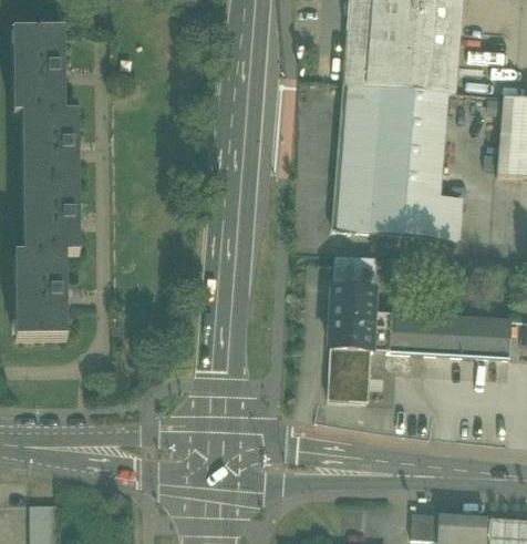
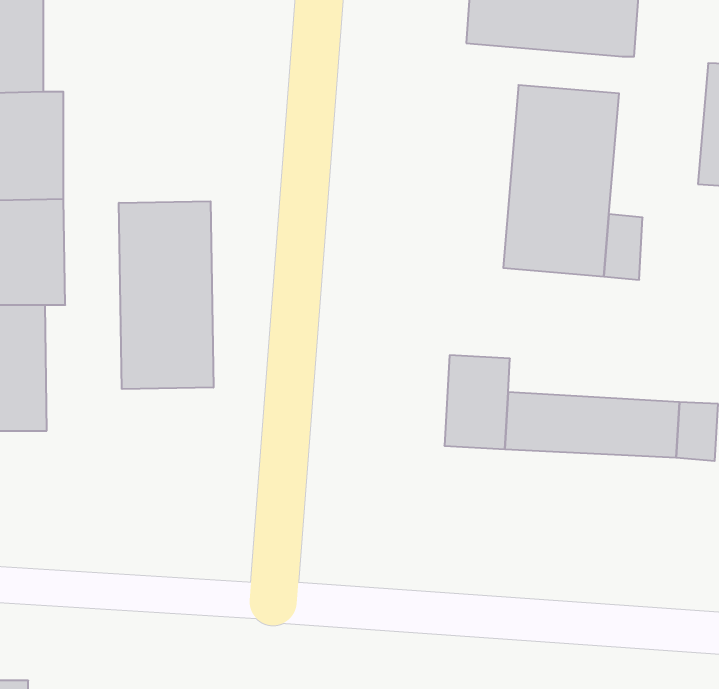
building: [333,83,447,232] -> none
building: none -> [119,201,213,389]
building: [333,256,375,284] -> none
building: [328,349,370,402] -> none

